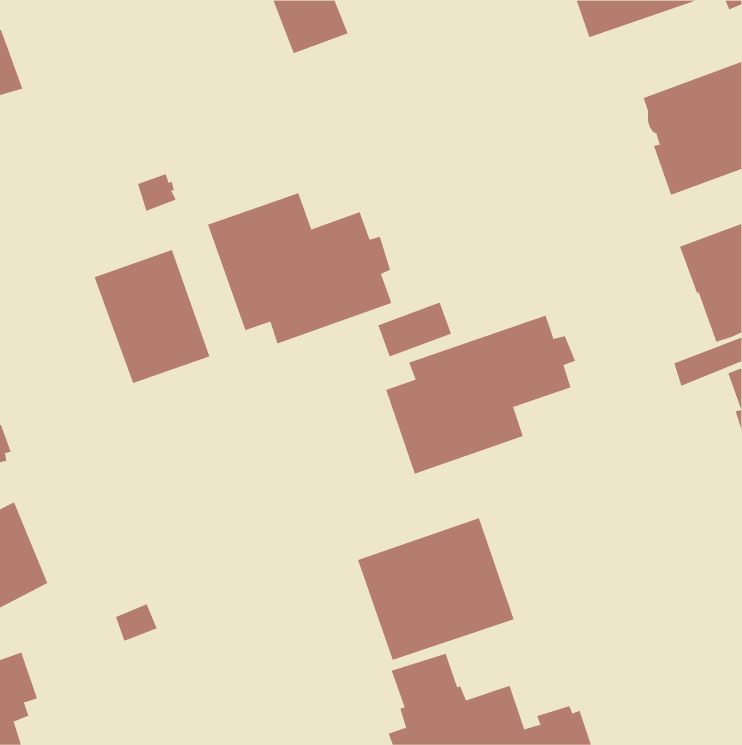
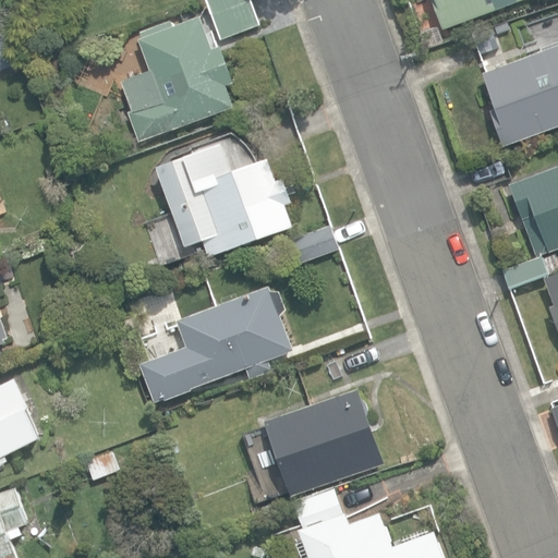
building: none -> [120,17,233,142]
building: [94,249,210,384] -> none
building: [385,315,576,474] -> none
building: none -> [140,286,292,403]

